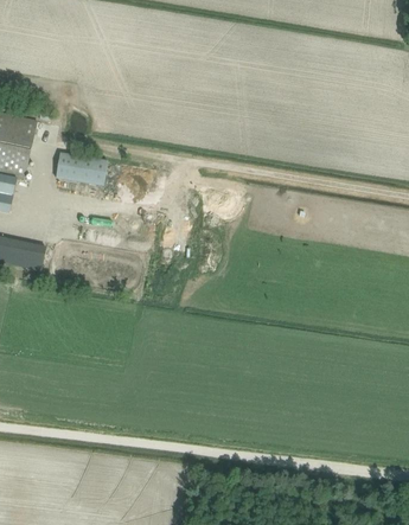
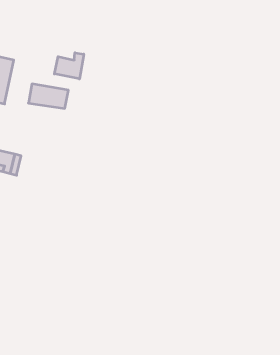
building: none -> [54,53,84,79]

